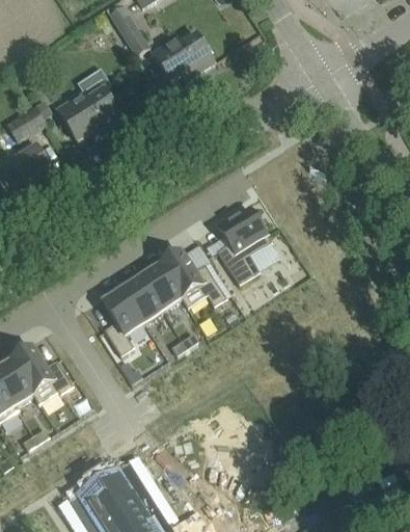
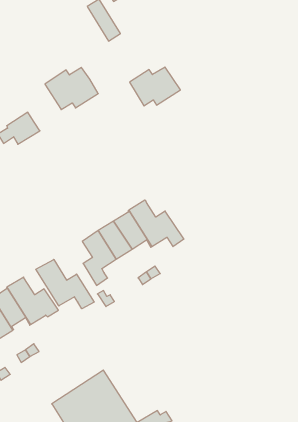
building: [152,31,214,79] -> [130,67,180,106]
building: [5,102,46,138] -> none
building: [216,205,271,284] -> none
building: none -> [36,259,94,309]

